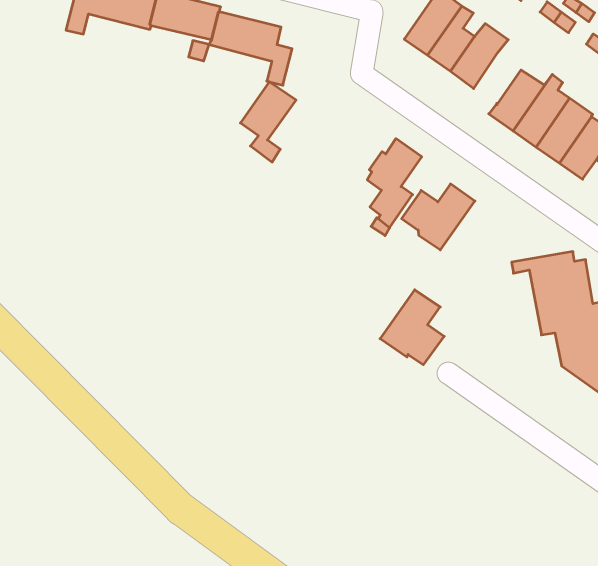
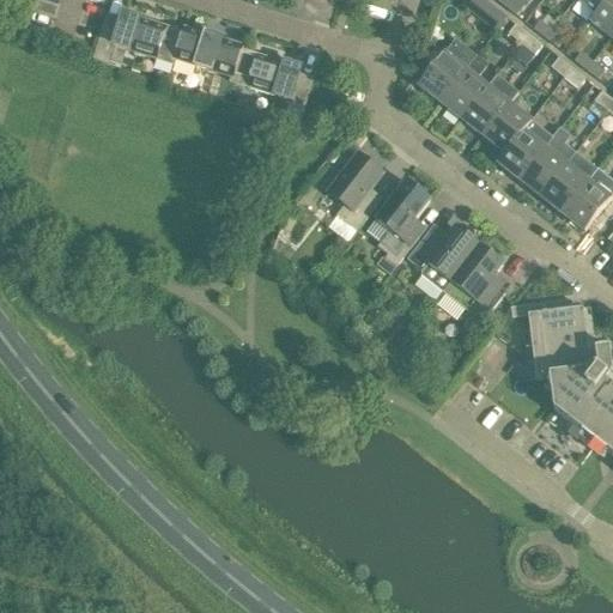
building: none -> [485,102,532,152]
building: [240,82,296,162] -> [329,152,384,230]
building: [380,290,444,365] -> [444,244,506,317]

